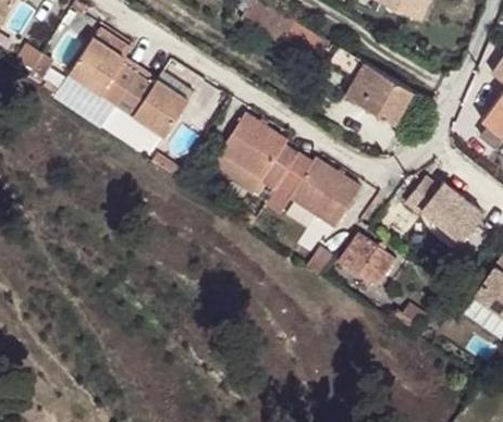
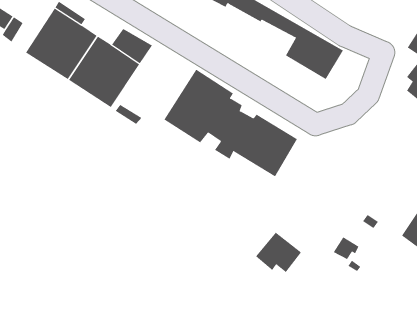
building: [406,177,484,243] -> none
building: [339,233,391,278] -> [255,232,302,273]

